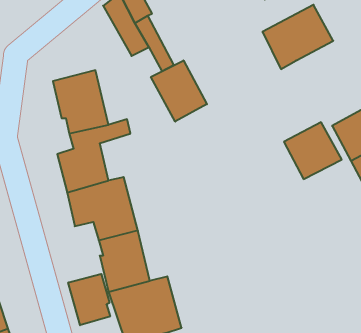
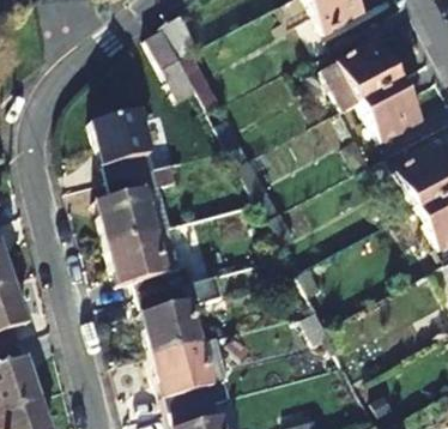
building: [151,60,207,122] -> none
building: [284,122,342,179] -> [359,78,423,140]
building: [68,274,110,325] -> none

